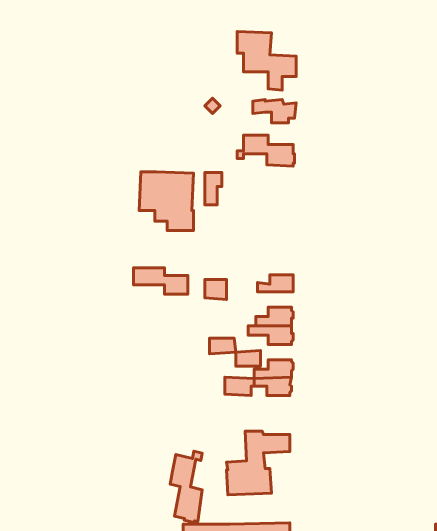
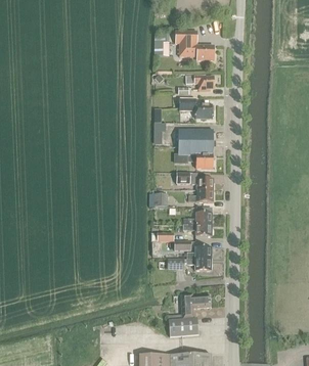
building: [139,172,193,231] -> [177,129,213,168]
building: [133,268,188,294] -> [176,173,212,190]
building: [170,451,202,523] -> none

